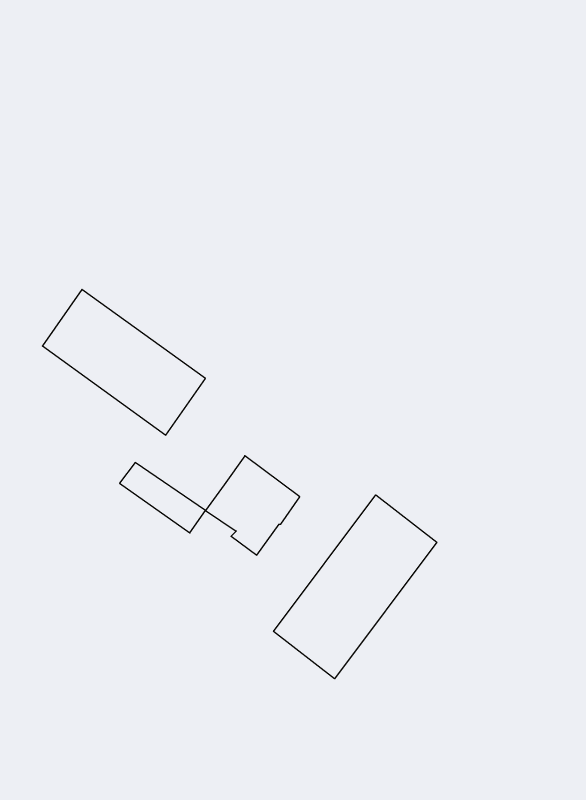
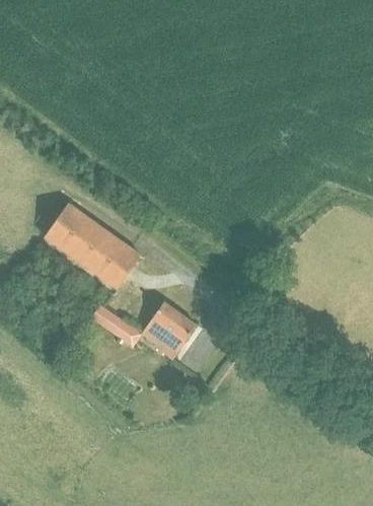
building: [274,495,437,679] -> none

